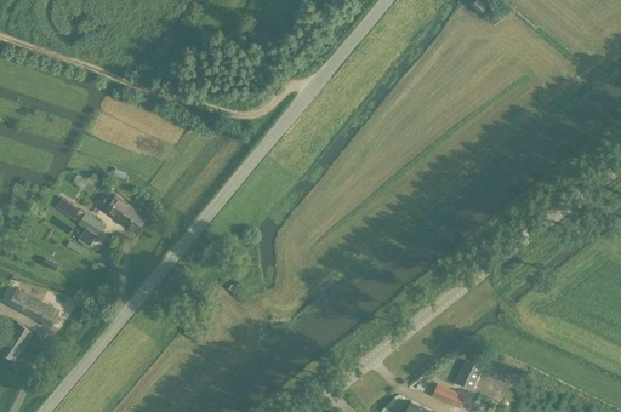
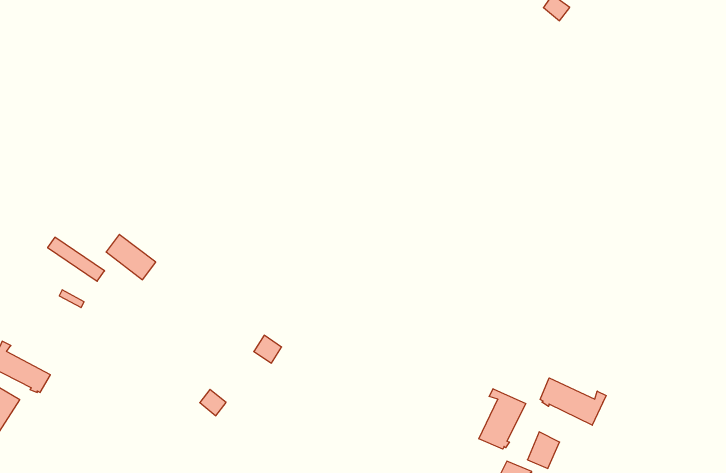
building: none -> [540,378,606,425]
building: none -> [479,389,526,449]

